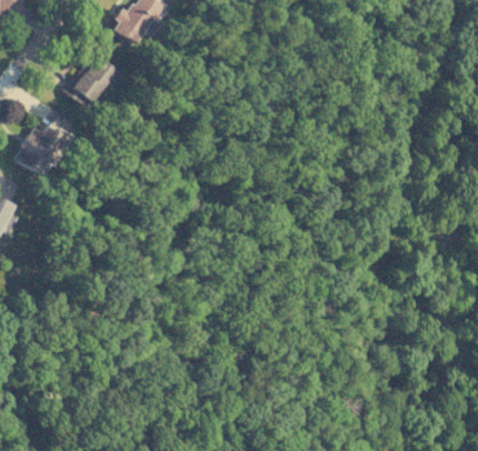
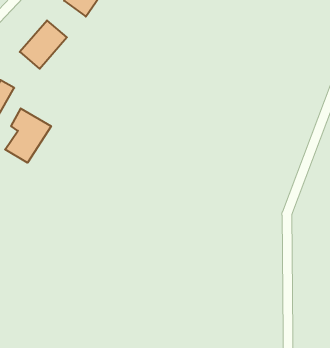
building: none -> [5,108,51,163]

